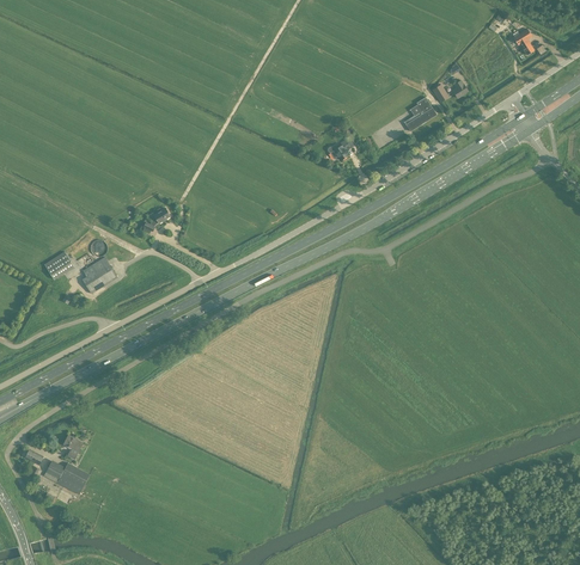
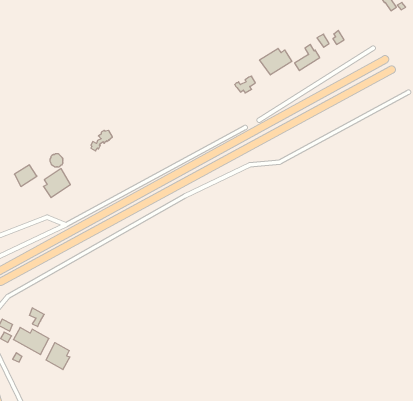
building: none -> [260,48,292,75]
building: none -> [46,343,70,370]

